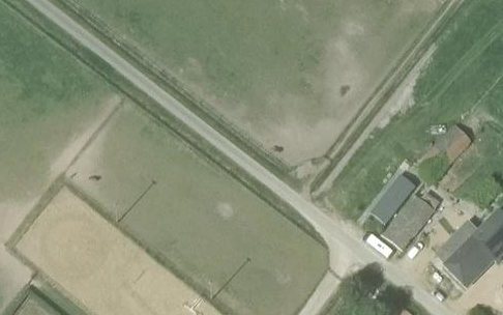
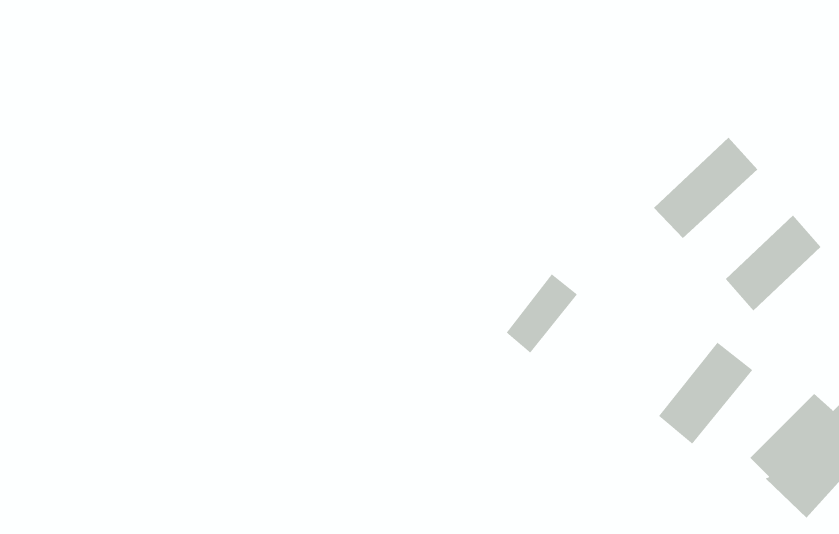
building: none -> [653,137,758,239]
building: [374,177,413,221] -> [506,274,578,353]

